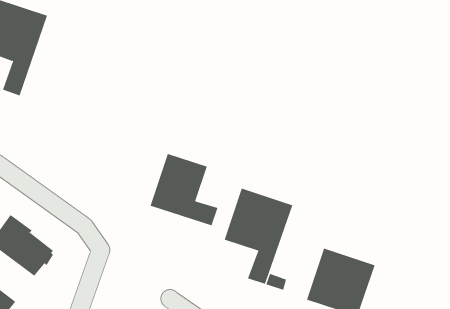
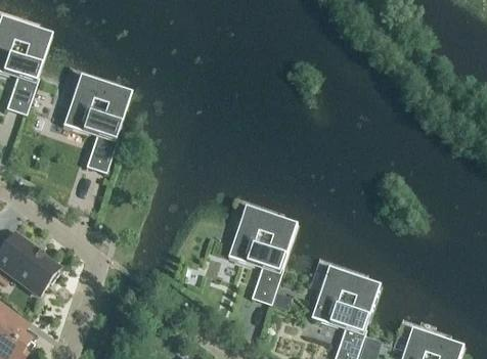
building: none -> [62,73,131,171]
building: [150,153,218,226] -> none

